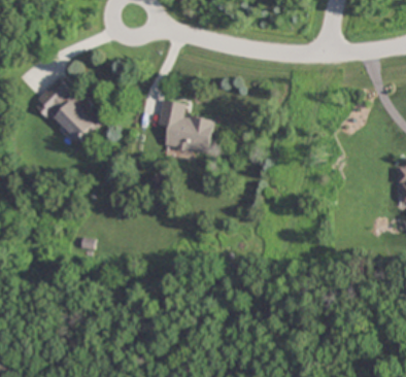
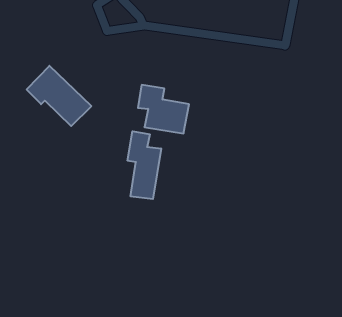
building: none -> [128,131,161,199]

